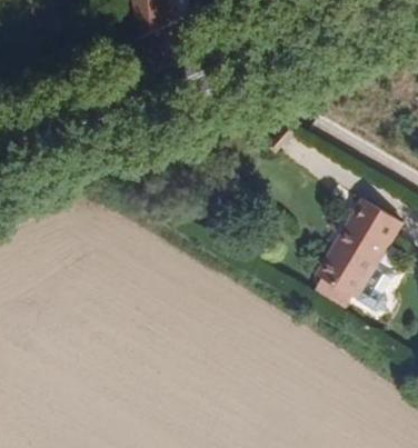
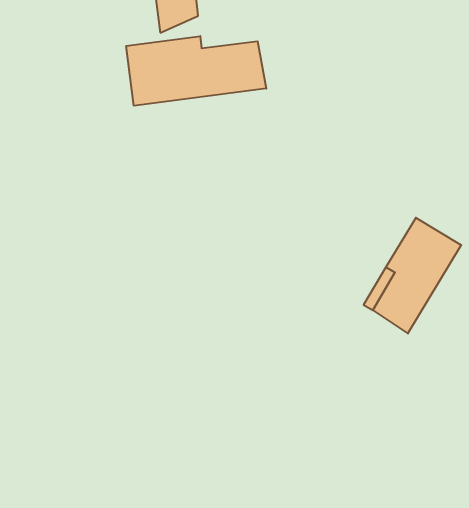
building: none -> [126,36,266,106]

